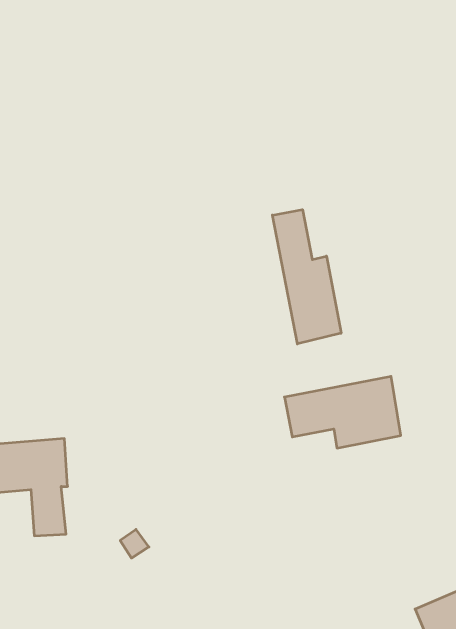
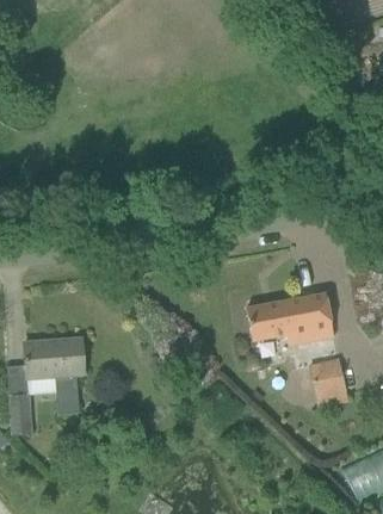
building: [272,210,341,344] -> none
building: none -> [311,361,348,407]

